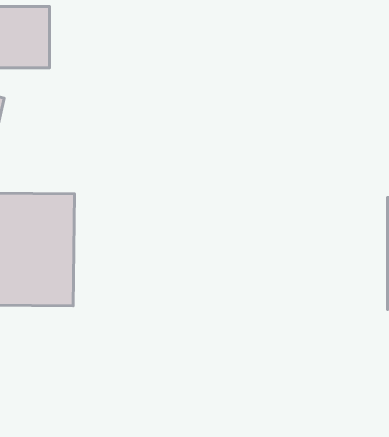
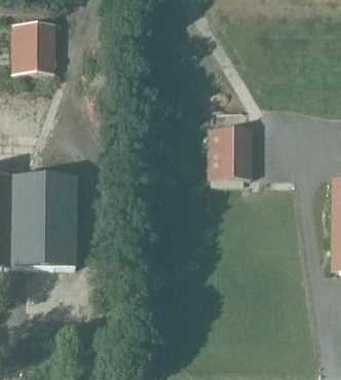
building: none -> [210,117,253,177]

